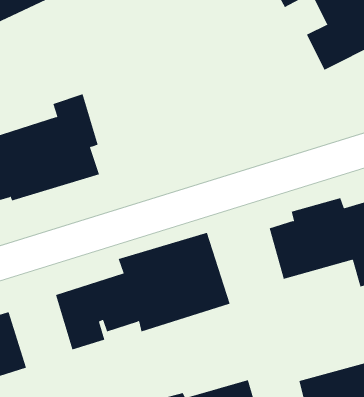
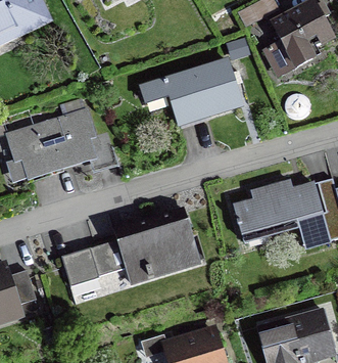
building: none -> [138,56,244,129]

